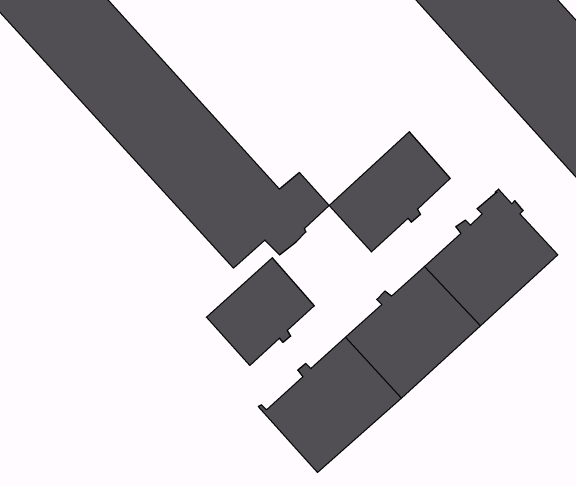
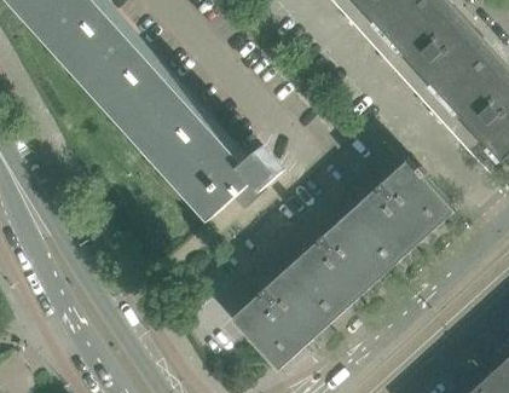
building: [329,132,450,252] -> none
building: [206,258,314,365] -> none

